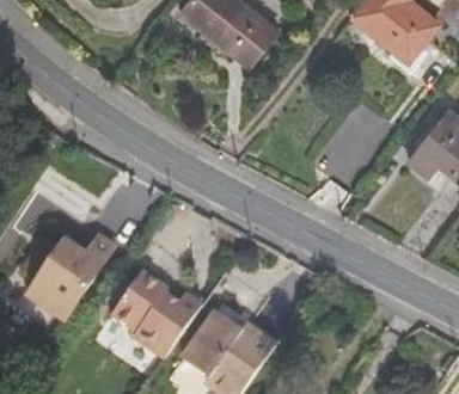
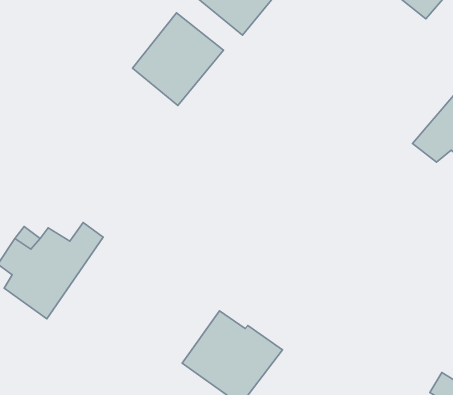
building: none -> [132,13,223,106]
building: [117,270,208,358] -> none

